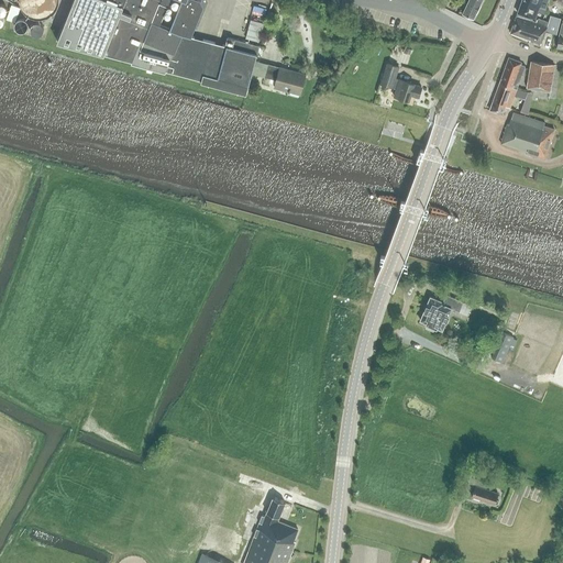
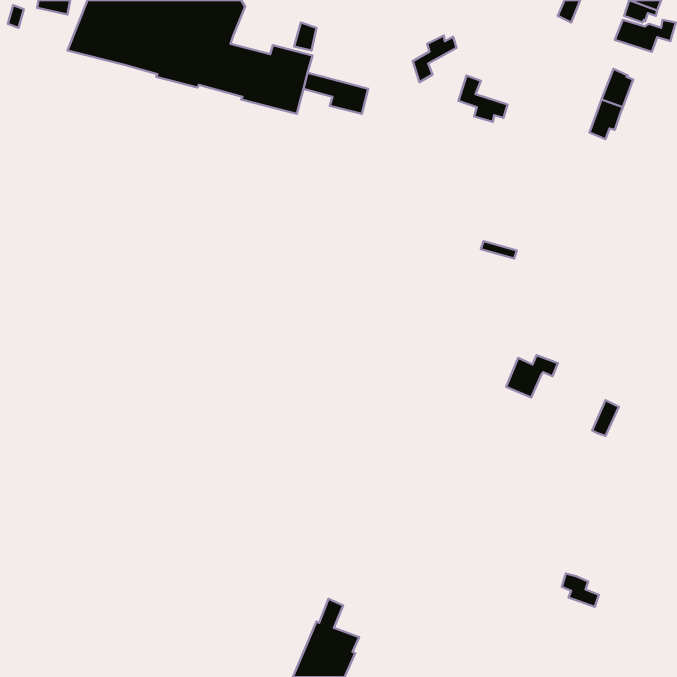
building: none -> [413,35,456,82]
building: [527,62,554,92] -> none
building: [500,113,554,159] -> none

